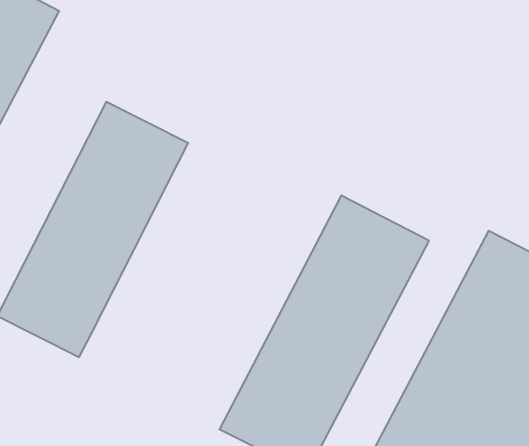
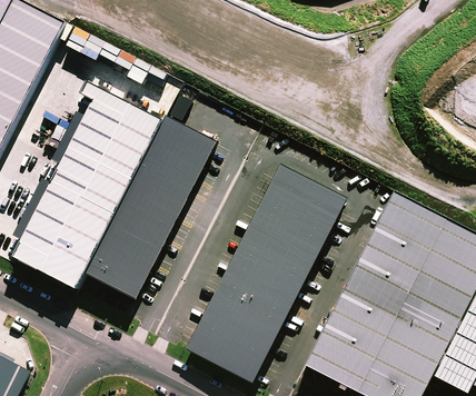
building: none -> [83,115,219,300]

